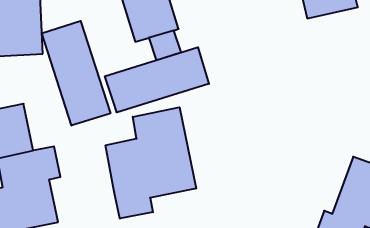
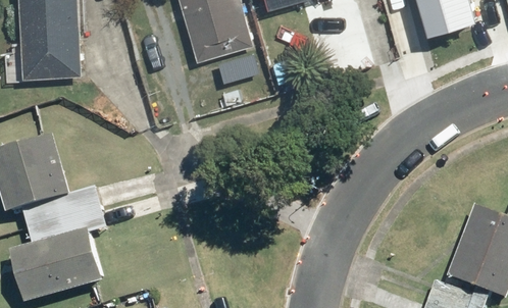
building: [42,21,110,126] -> none
building: [105,47,209,112] -> none
building: [106,107,196,219] -> none

